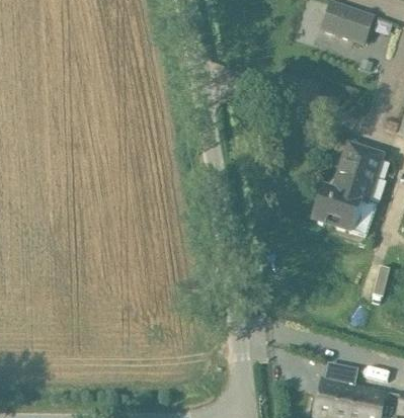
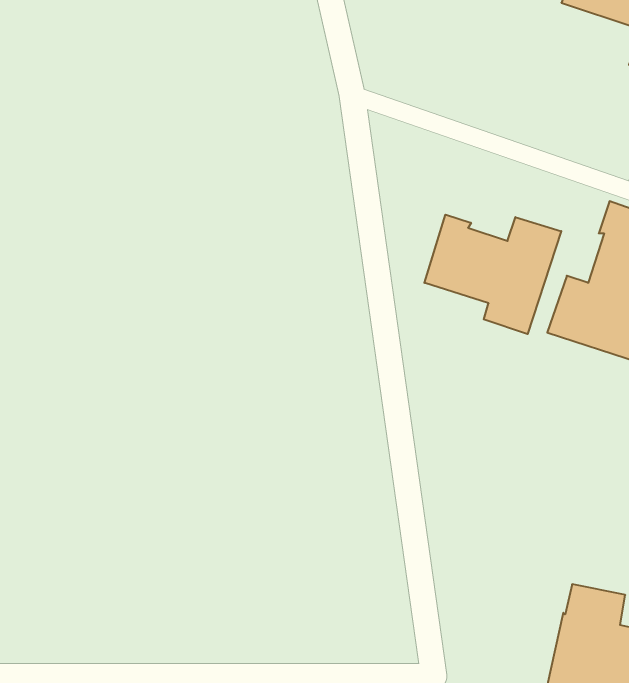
building: none -> [424,215,561,334]

